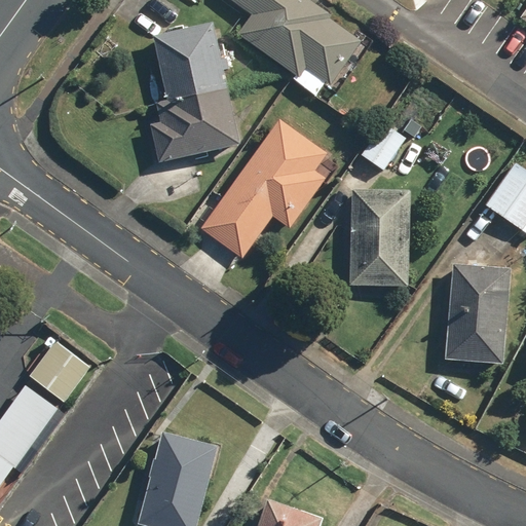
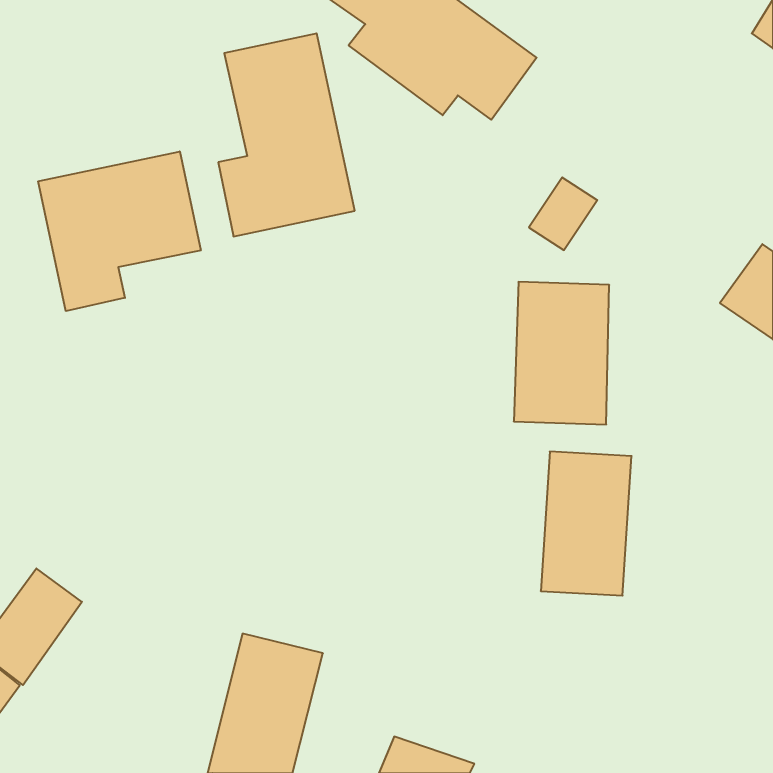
building: none -> [38,151,201,311]
building: [197,122,331,264] -> none
building: [445,265,506,363] -> [541,452,632,596]
building: [31,339,93,401] -> none

